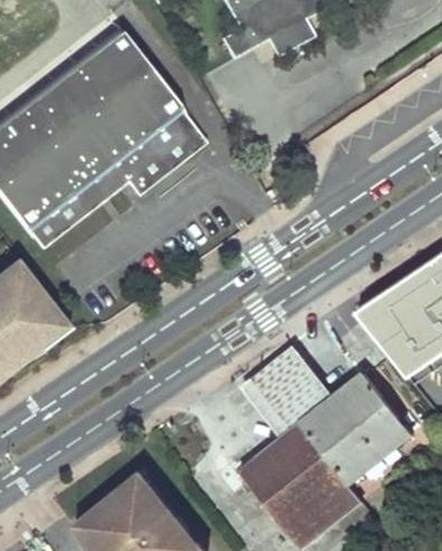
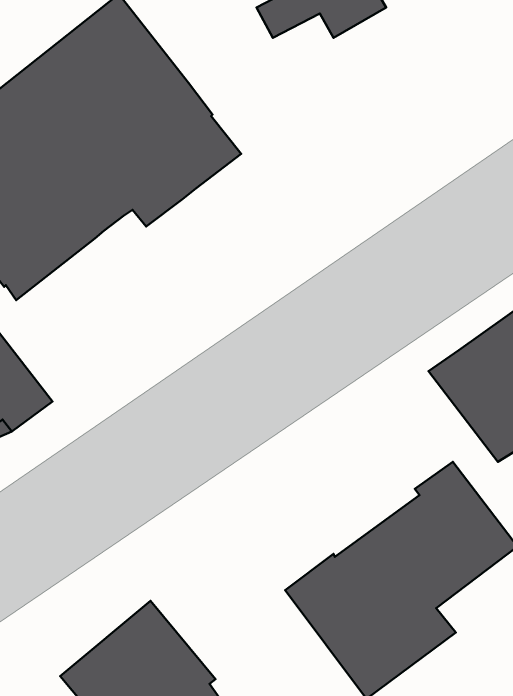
building: [245,349,336,438] -> none

